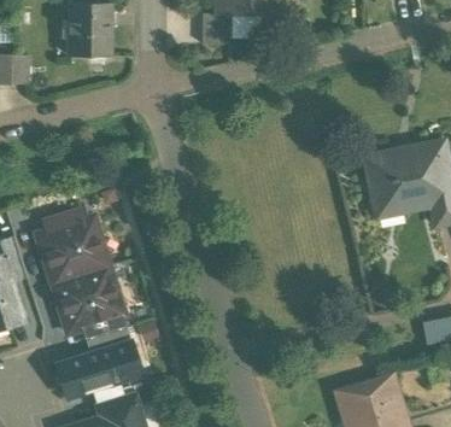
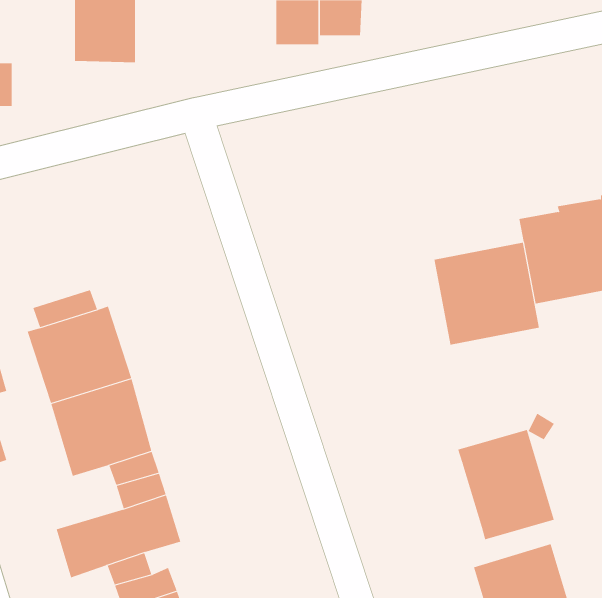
building: none -> [434,242,540,345]
building: none -> [457,429,555,540]

